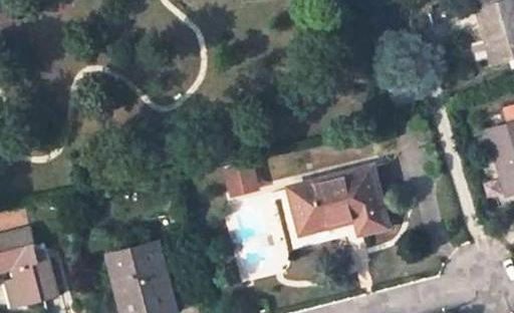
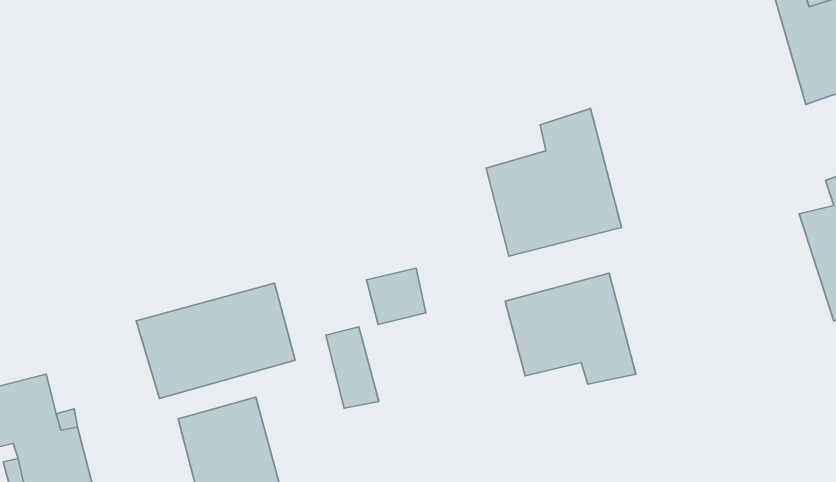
building: none -> [486,109,622,256]
building: none -> [136,283,295,398]
building: [288,185,320,234] -> [326,327,379,408]

